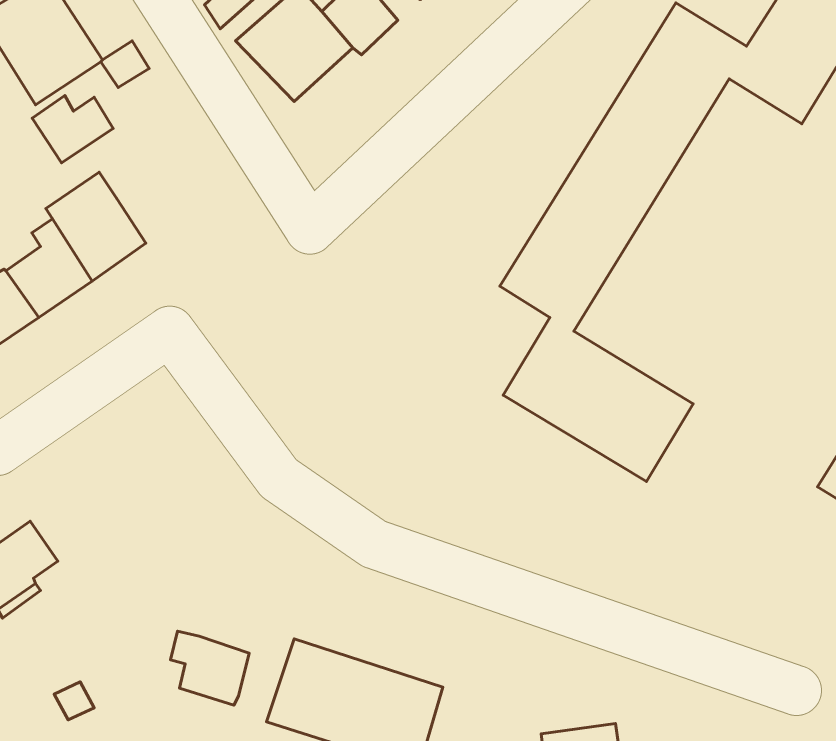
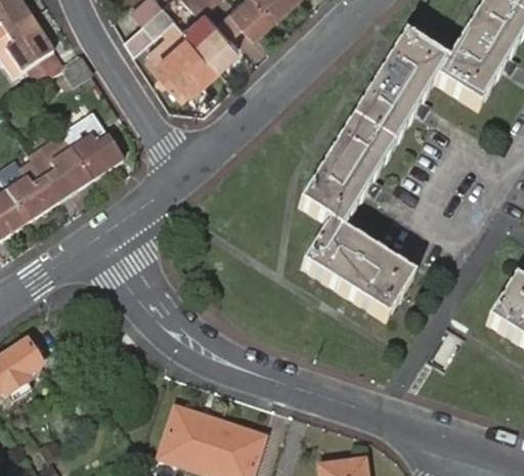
building: [32,96,113,163] -> [71,136,119,176]
building: [170,631,249,705] -> none

